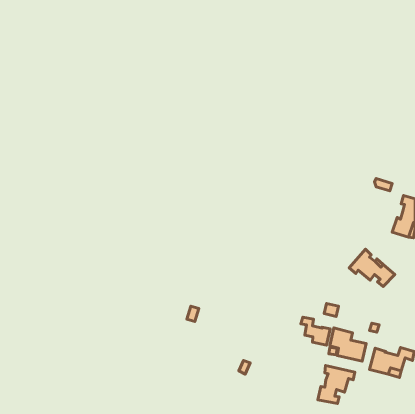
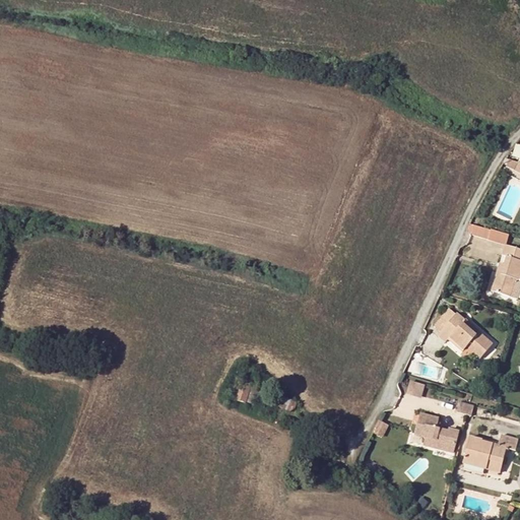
building: [301,317,330,345] -> none
building: [318,366,355,404] -> none

